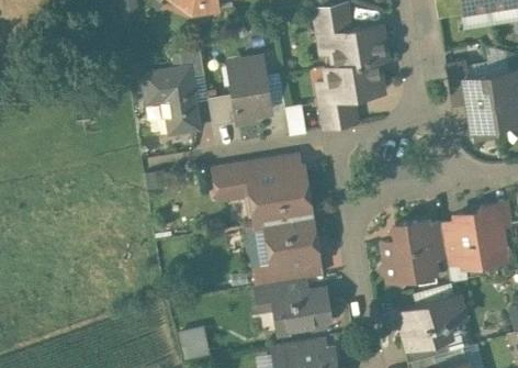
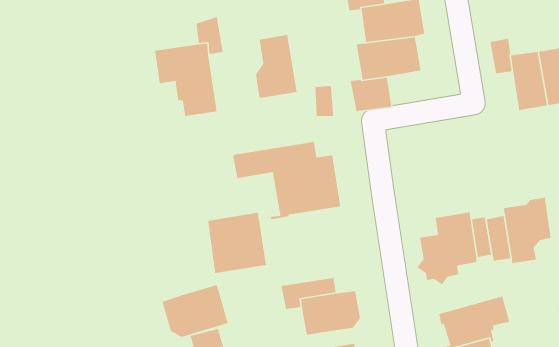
building: [209,97,240,129] -> none
building: [264,216,319,272] -> [206,212,267,274]
building: none -> [162,284,229,338]

